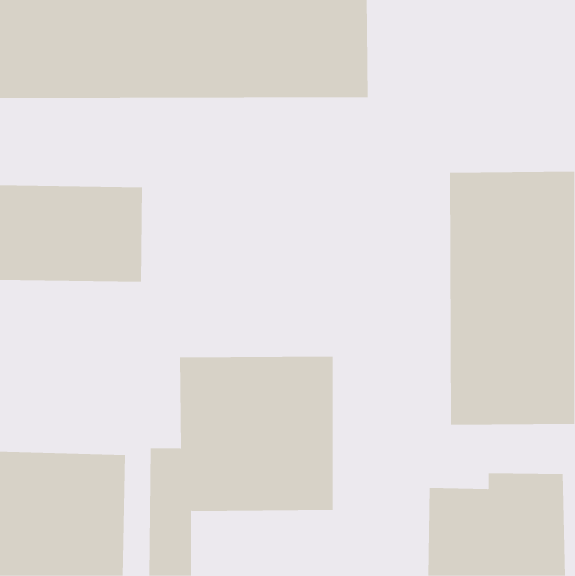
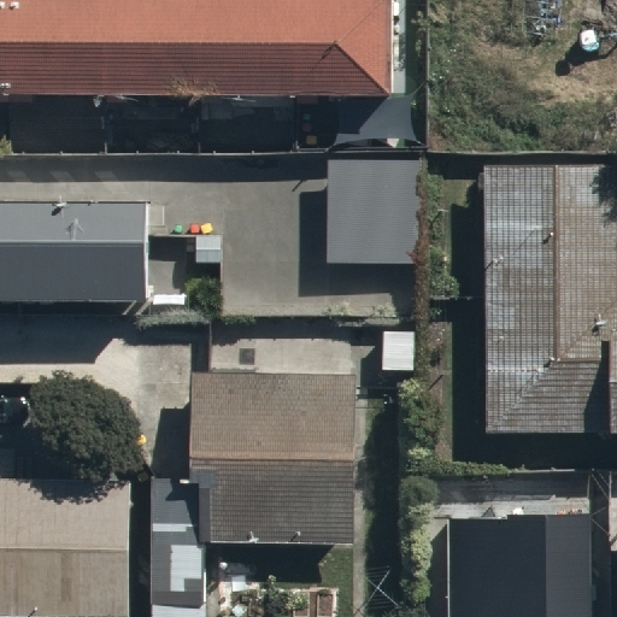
building: none -> [322,154,416,263]

